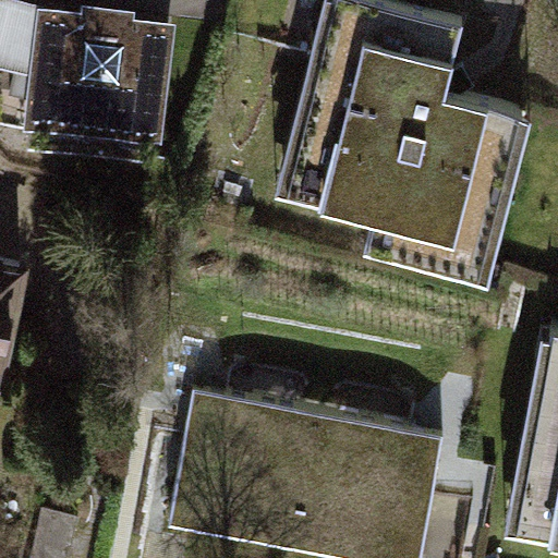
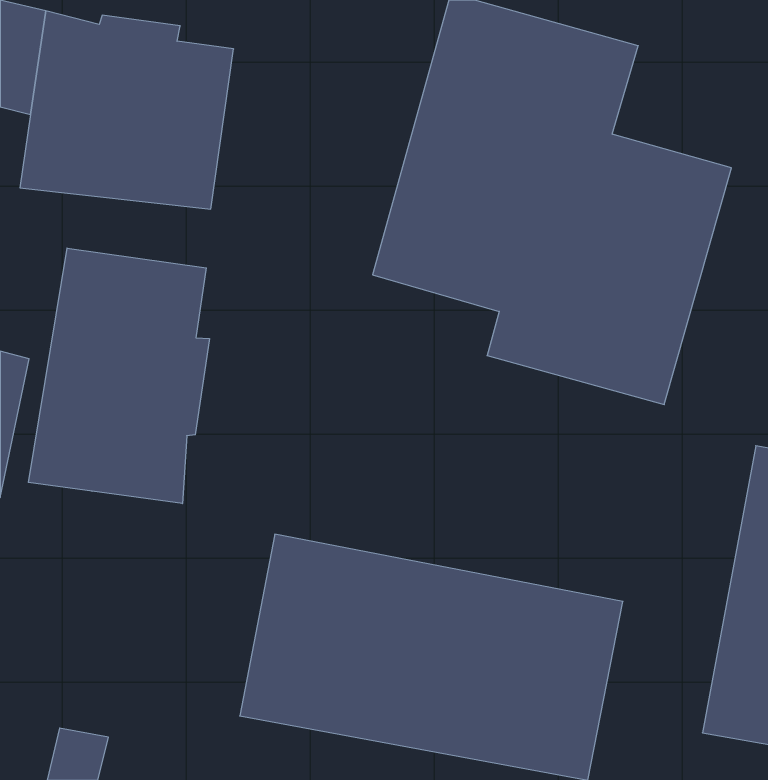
building: none -> [28,248,209,504]

